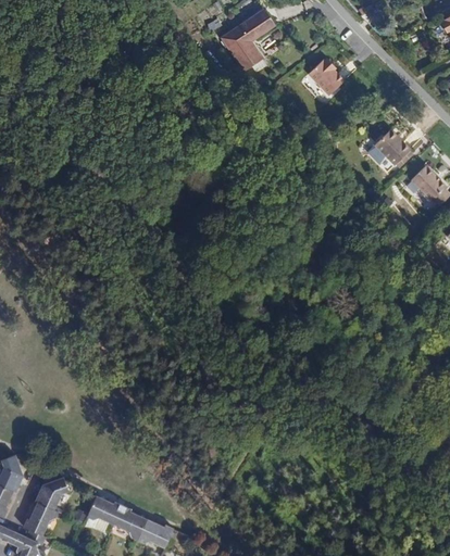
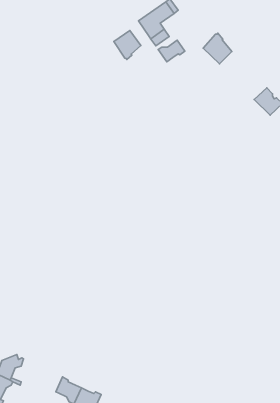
building: none -> [114,30,141,60]
building: none -> [158,40,185,62]
building: [86,496,122,526] -> none

